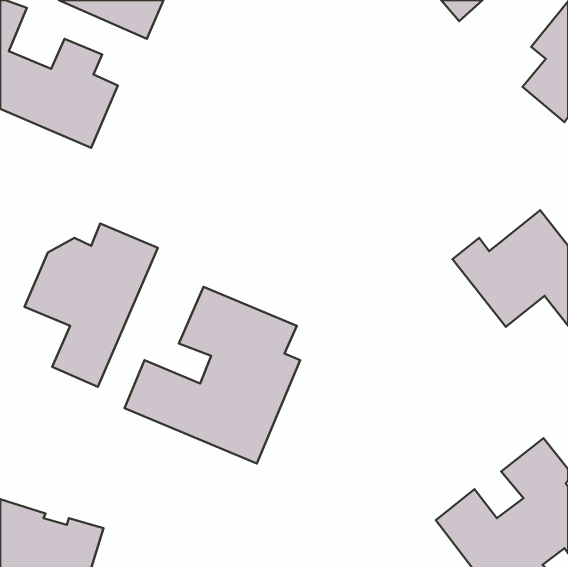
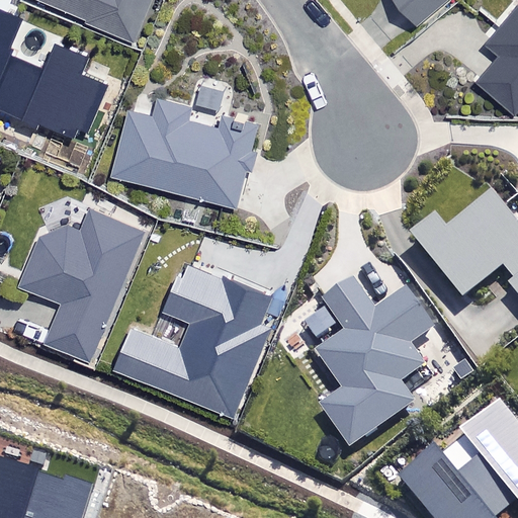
building: none -> [114,93,257,203]
building: none -> [315,281,432,448]

